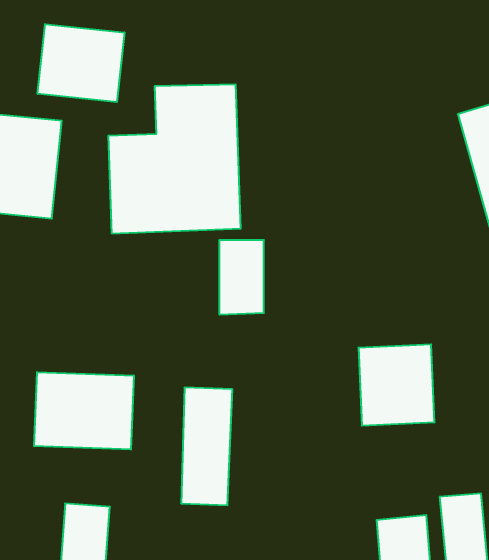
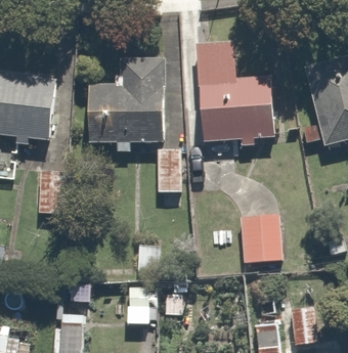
building: [38,24,124,102] -> none
building: none -> [194,41,274,144]
building: [34,372,134,450] -> none

